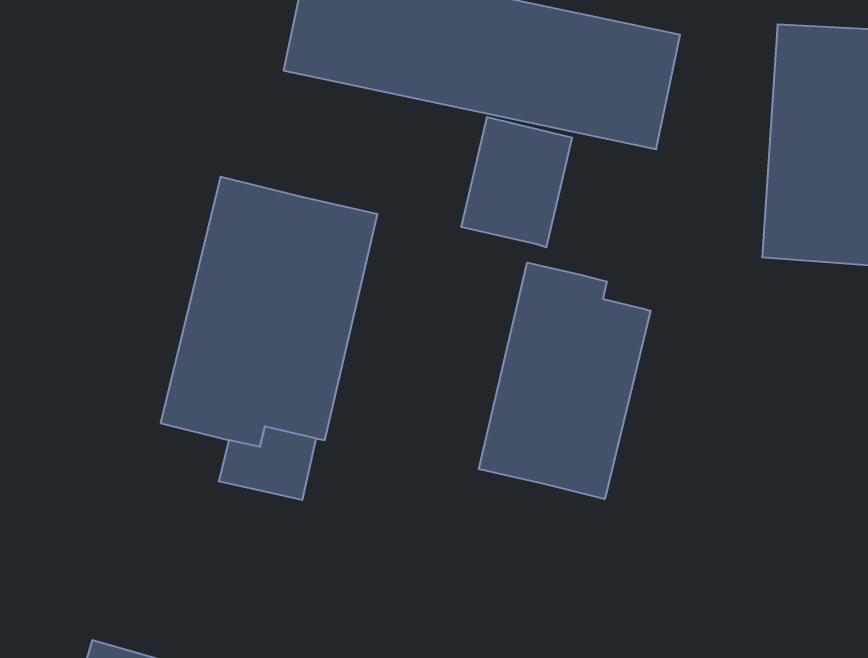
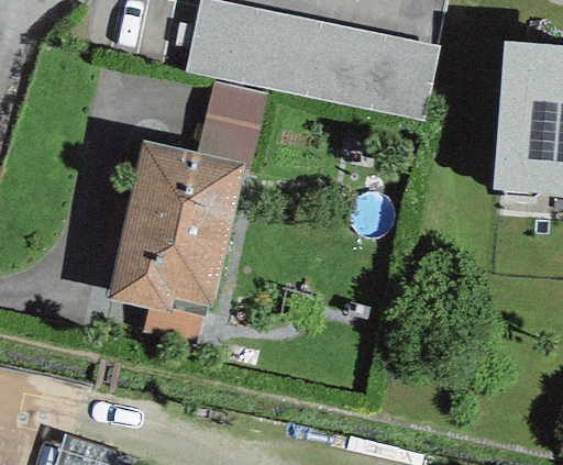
building: [461,117,572,247] -> [197,81,268,165]
building: [479,263,651,499] -> none

